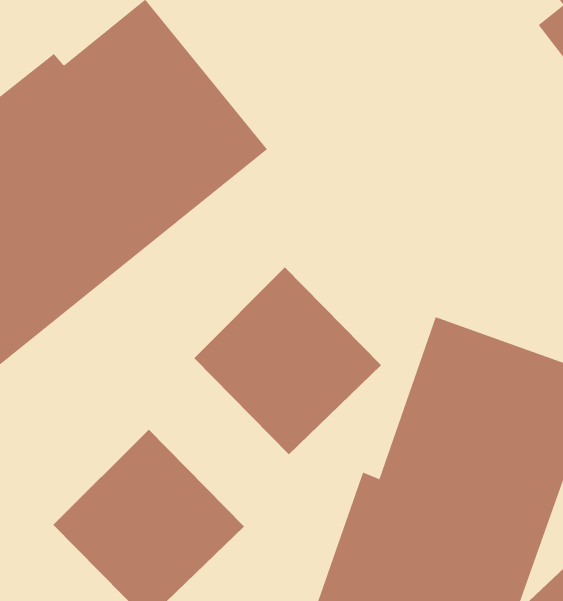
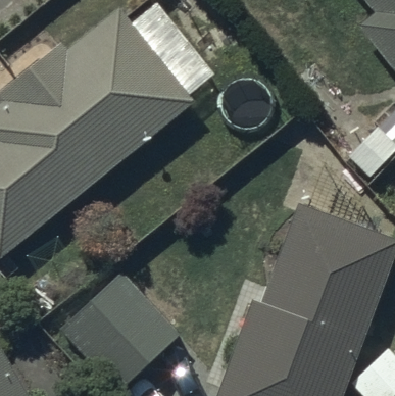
building: [193,267,382,455] -> none

